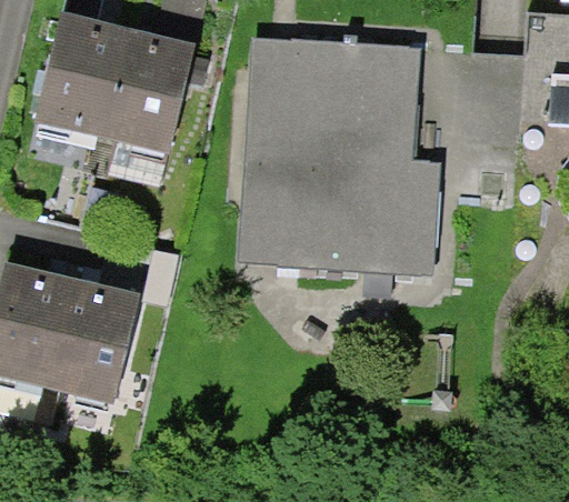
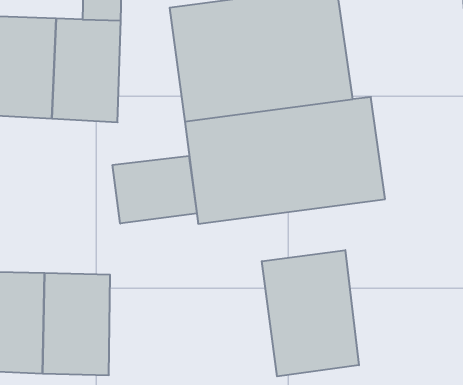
building: none -> [113,156,197,224]
building: none -> [262,250,359,376]

